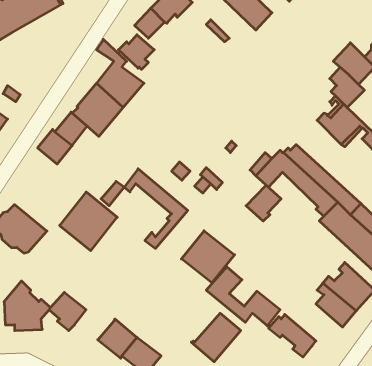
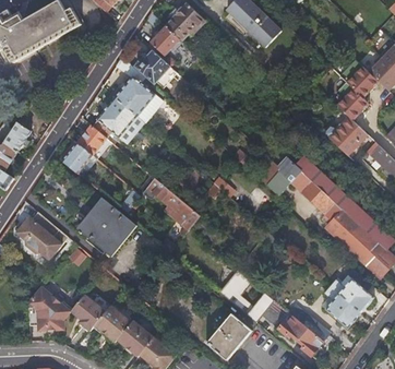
building: [246,185,281,221] -> none
building: [181,231,235,283] -> none
building: none -> [94,306,131,342]

